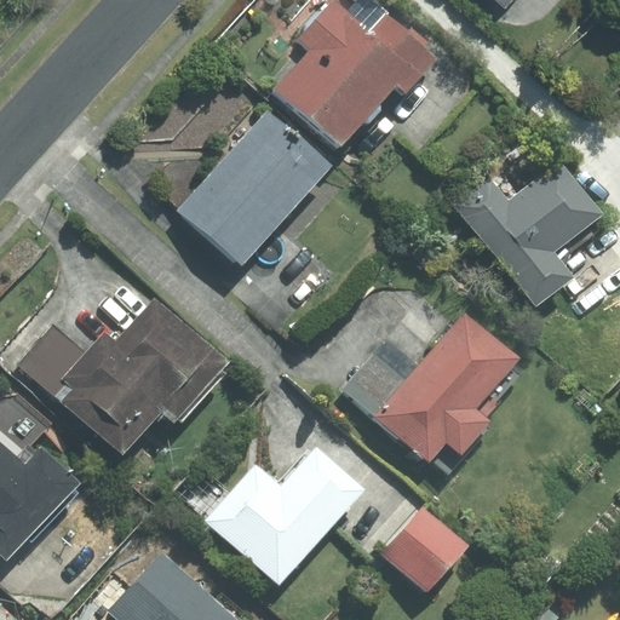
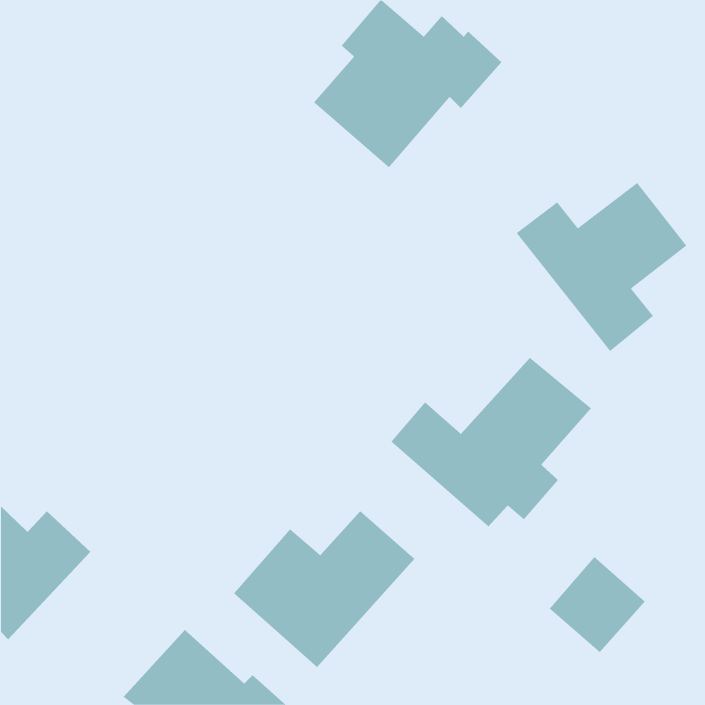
building: [178,110,331,266] -> none
building: [18,298,228,455] -> none
building: [383,507,467,592] -> [549,556,645,653]

